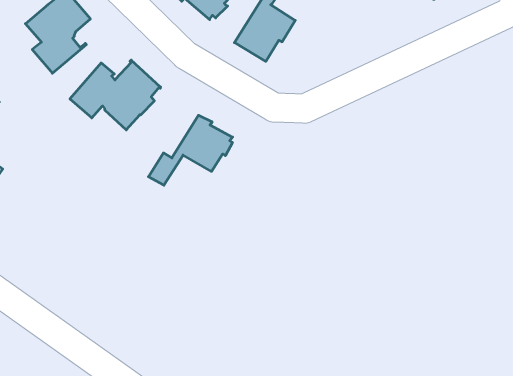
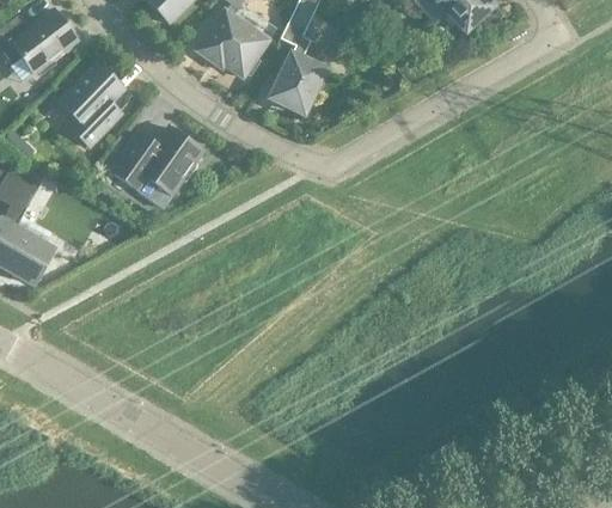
building: [148,115,233,185] -> none

